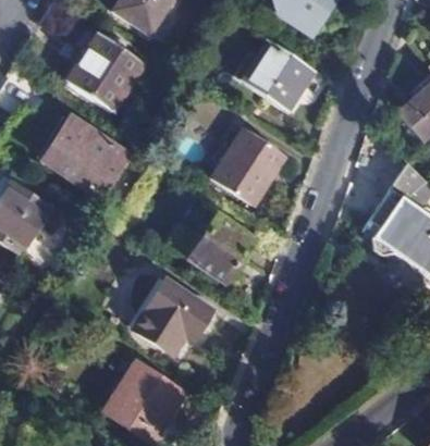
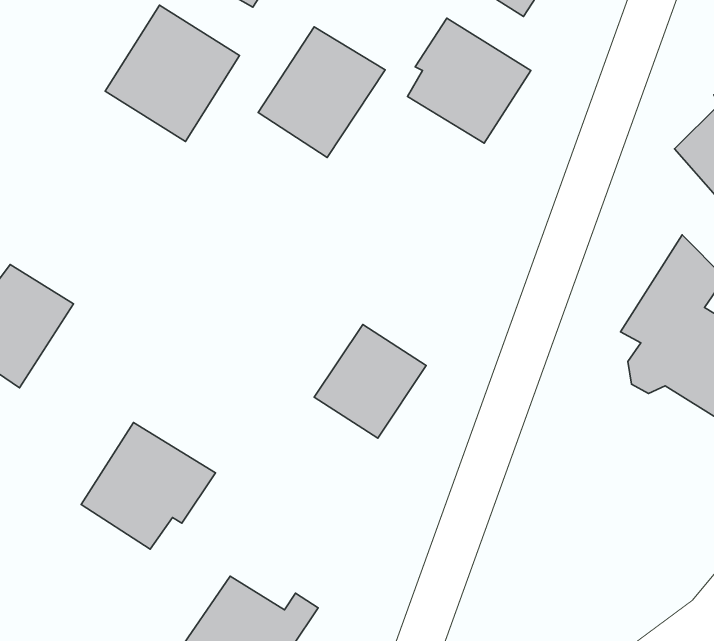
building: [39,112,128,198] -> none
building: [213,128,287,205] -> [258,27,385,157]
building: [134,280,212,354] -> [81,422,215,549]

